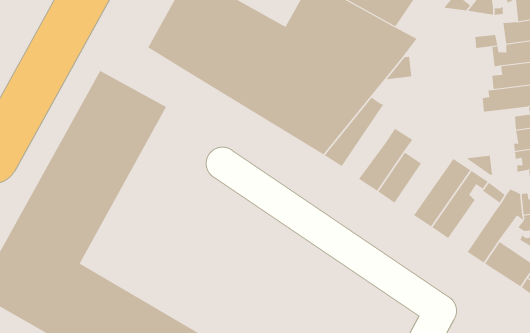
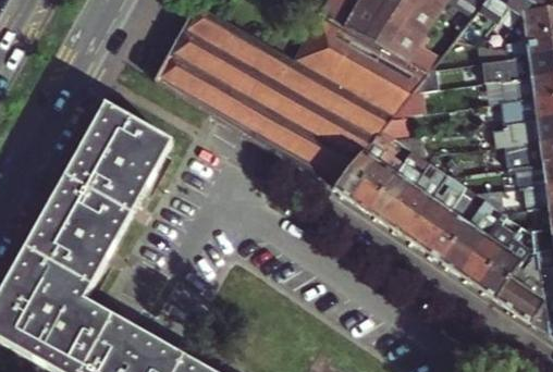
building: none -> [353,136,414,211]
building: none -> [406,172,469,248]
building: none -> [460,233,506,285]

